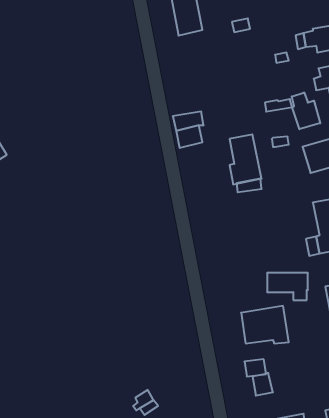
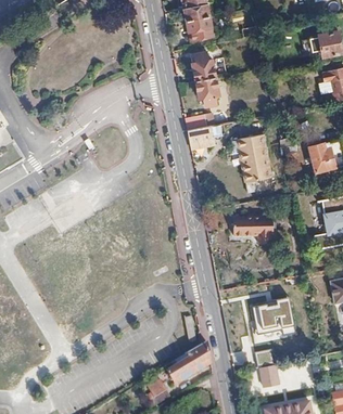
building: none -> [191,53,217,107]
building: [292,92,320,129] -> none
building: [267,273,308,300] -> [233,217,272,243]
building: none -> [167,341,209,383]

